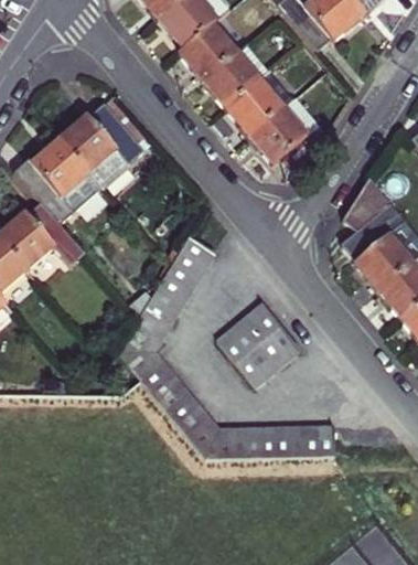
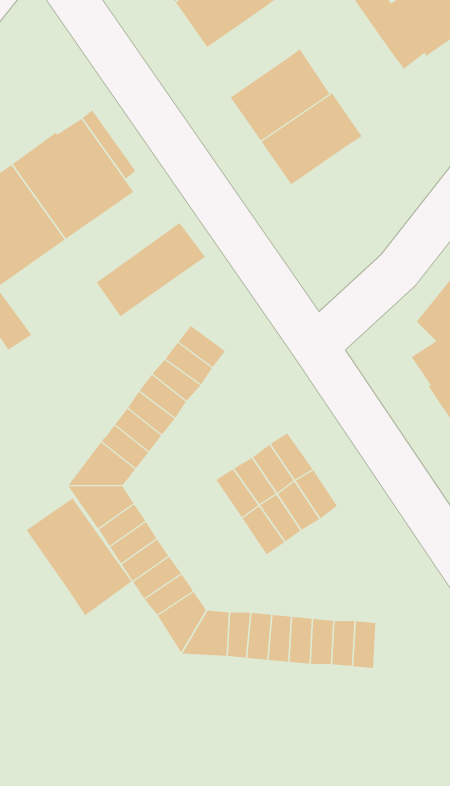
building: [179,23,236,79] -> none
building: [248,106,322,173] -> none
building: none -> [96,222,206,317]
building: none -> [26,497,132,616]

